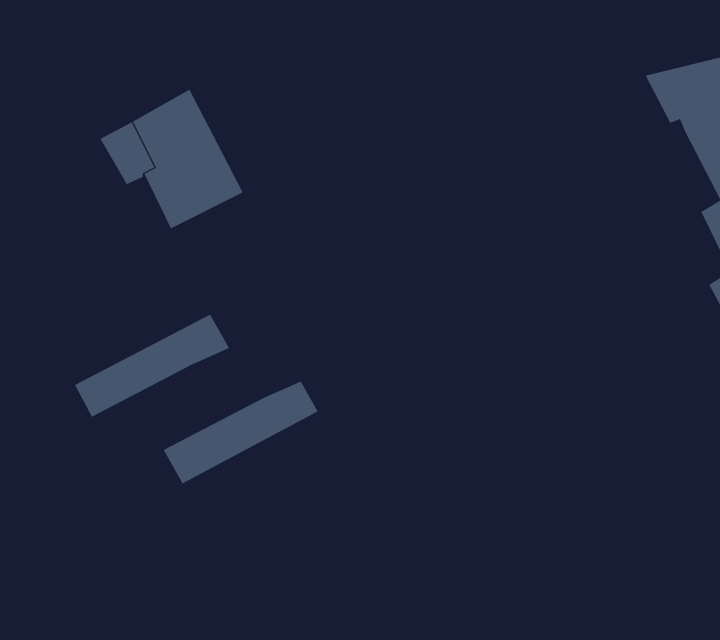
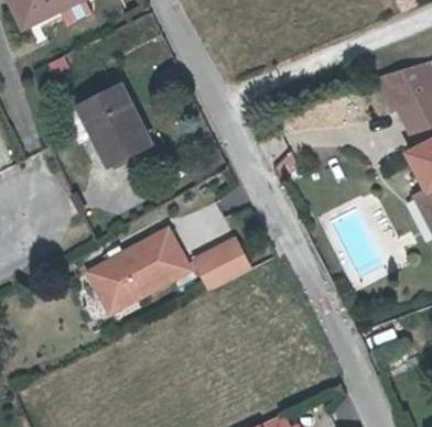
building: [74,314,230,417] -> [90,231,180,291]
building: none -> [196,241,249,291]

